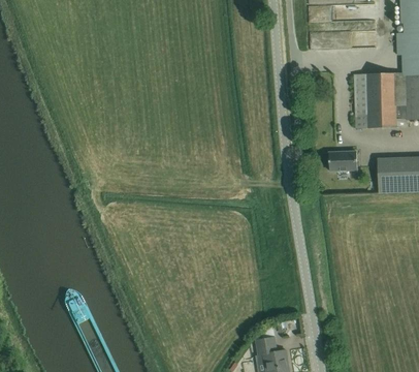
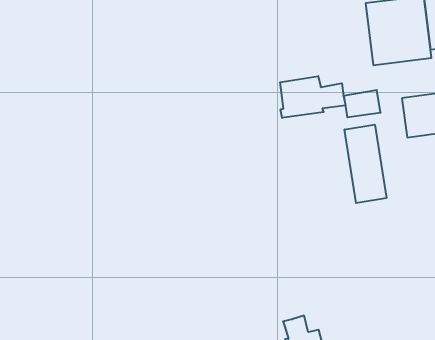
building: none -> [280,76,345,118]
building: none -> [345,125,386,203]

